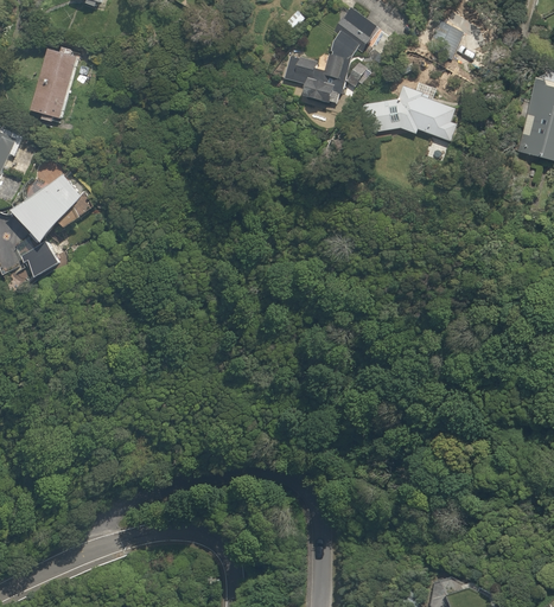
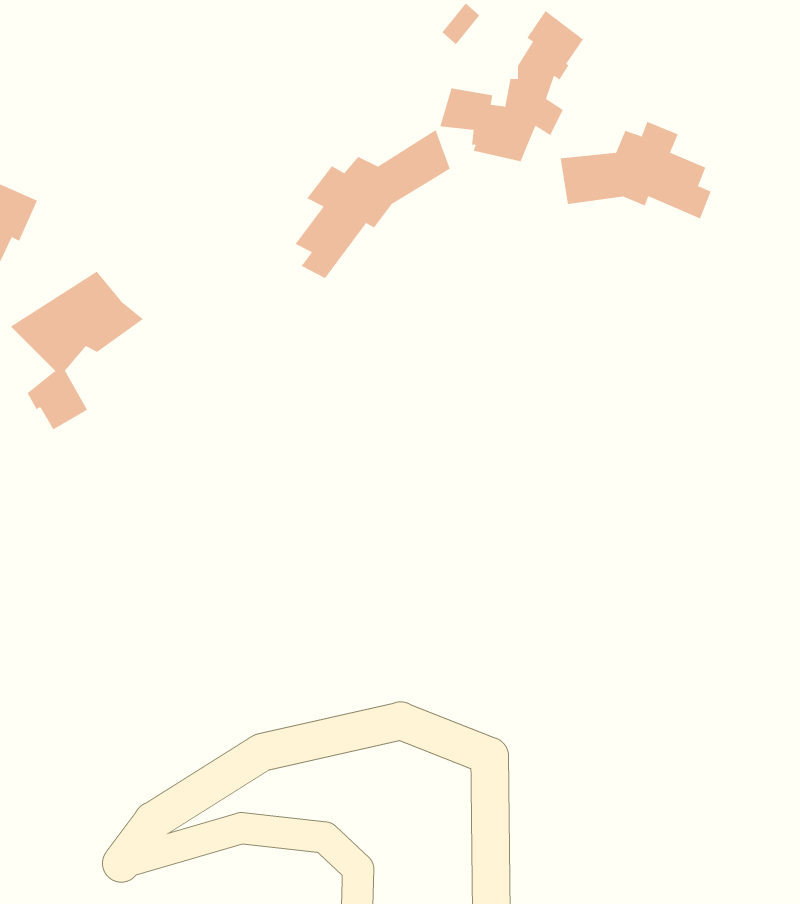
building: [31,45,78,121] -> none
building: none -> [295,129,450,279]

